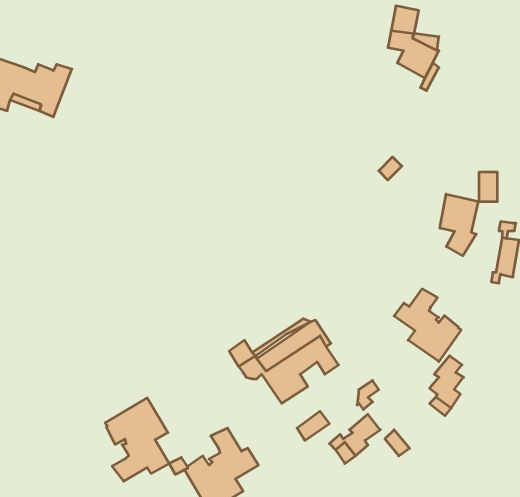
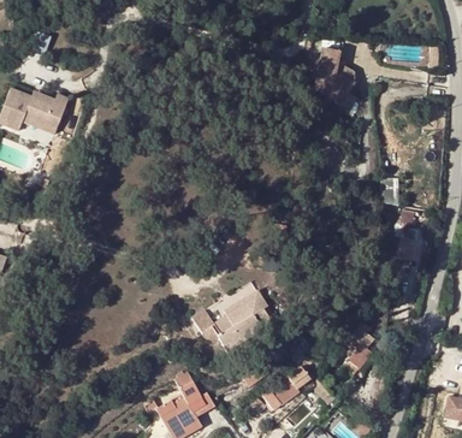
building: [440,194,479,256] -> none
building: [394,289,461,362] -> none
building: [105,398,169,481] -> none

